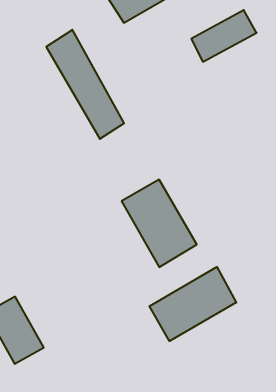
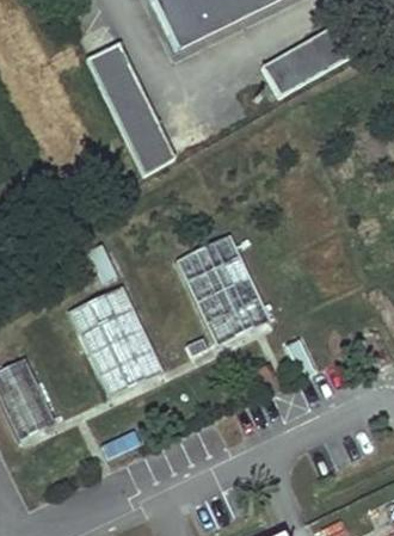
building: none -> [62,285,152,392]
building: [149,267,236,341] -> none

